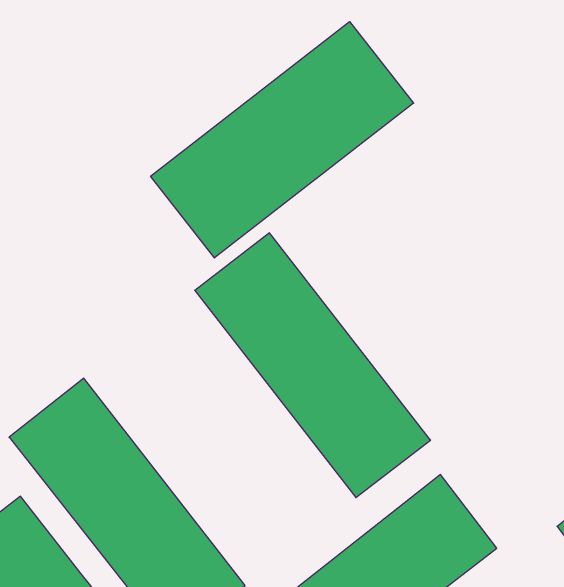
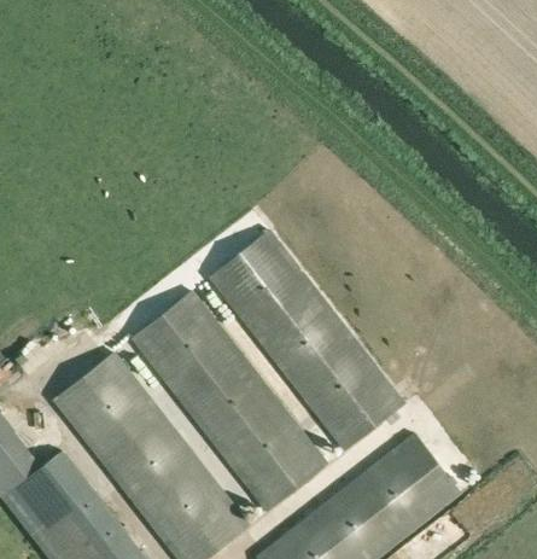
building: [151,22,414,258] -> none
building: none -> [132,290,329,512]

